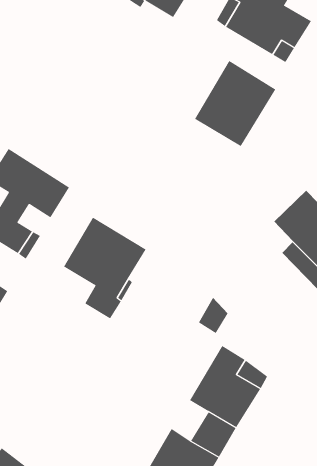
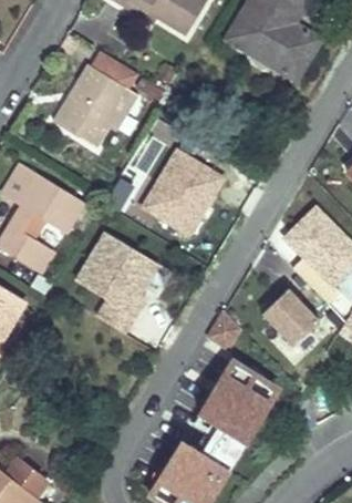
building: none -> [53,51,138,147]
building: [194,60,276,147] -> [142,148,222,234]
building: none -> [261,287,320,345]

